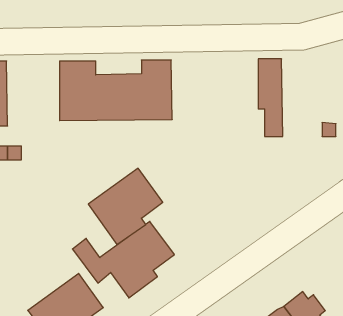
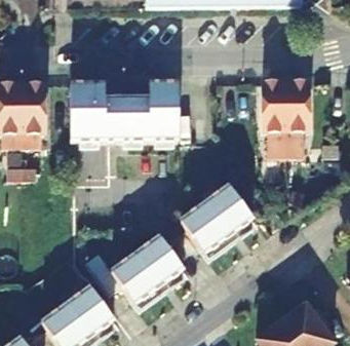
building: none -> [285,79,309,154]
building: none -> [20,81,44,144]
building: [88,168,163,245] -> [180,185,251,259]

